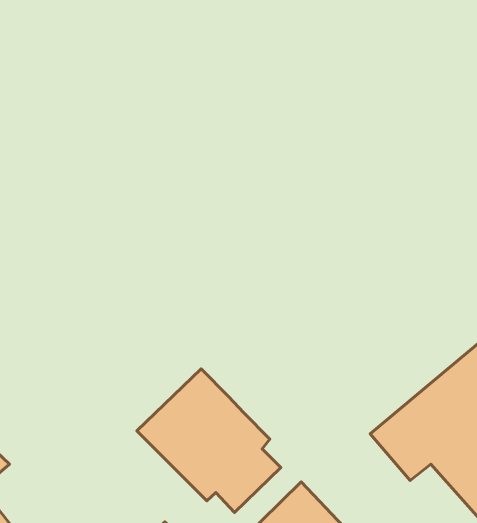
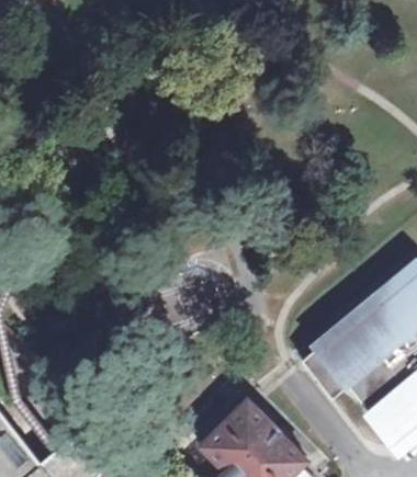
building: [137,369,281,512] -> none

